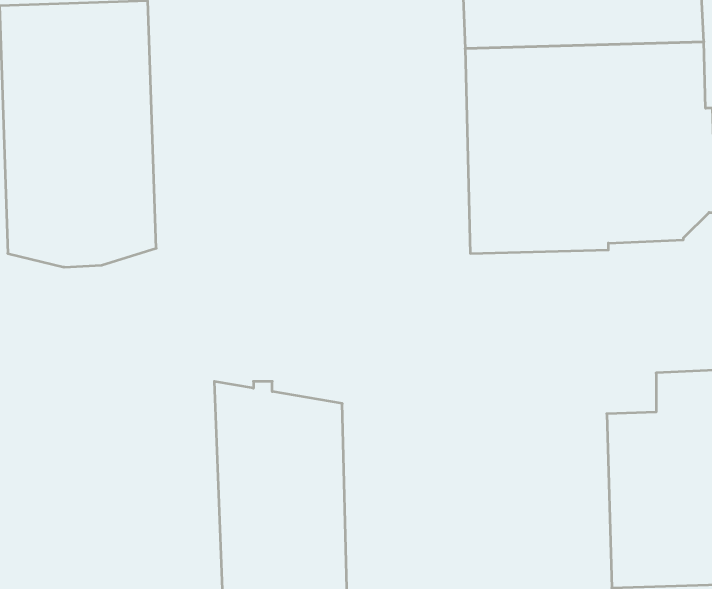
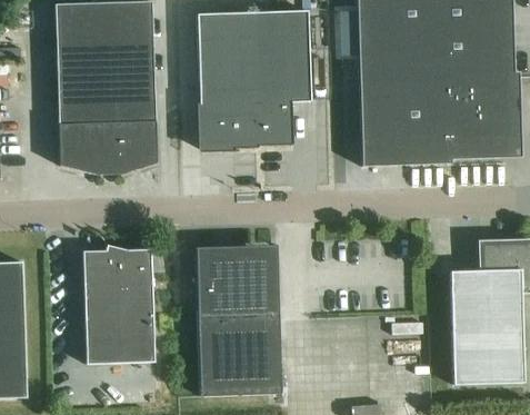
building: none -> [197,10,311,149]
building: none -> [82,245,154,364]

